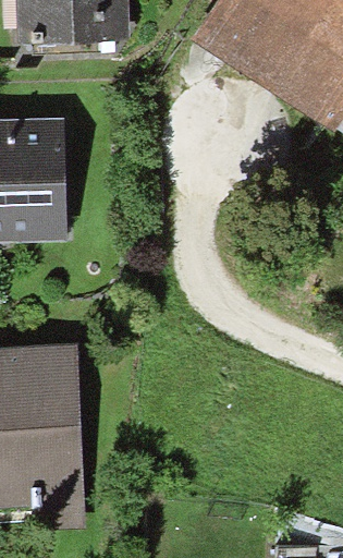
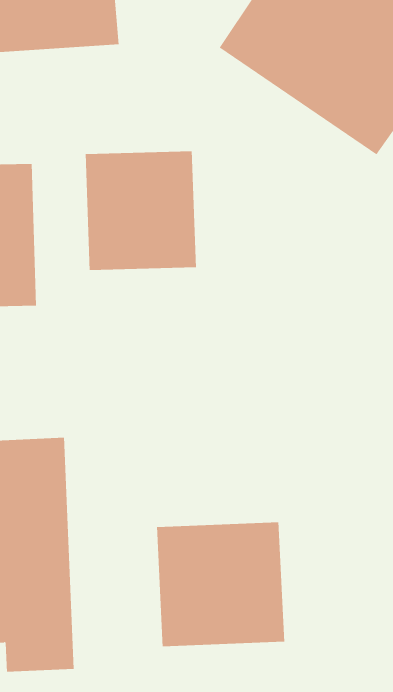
building: none -> [85,150,196,271]
building: none -> [156,521,285,647]

